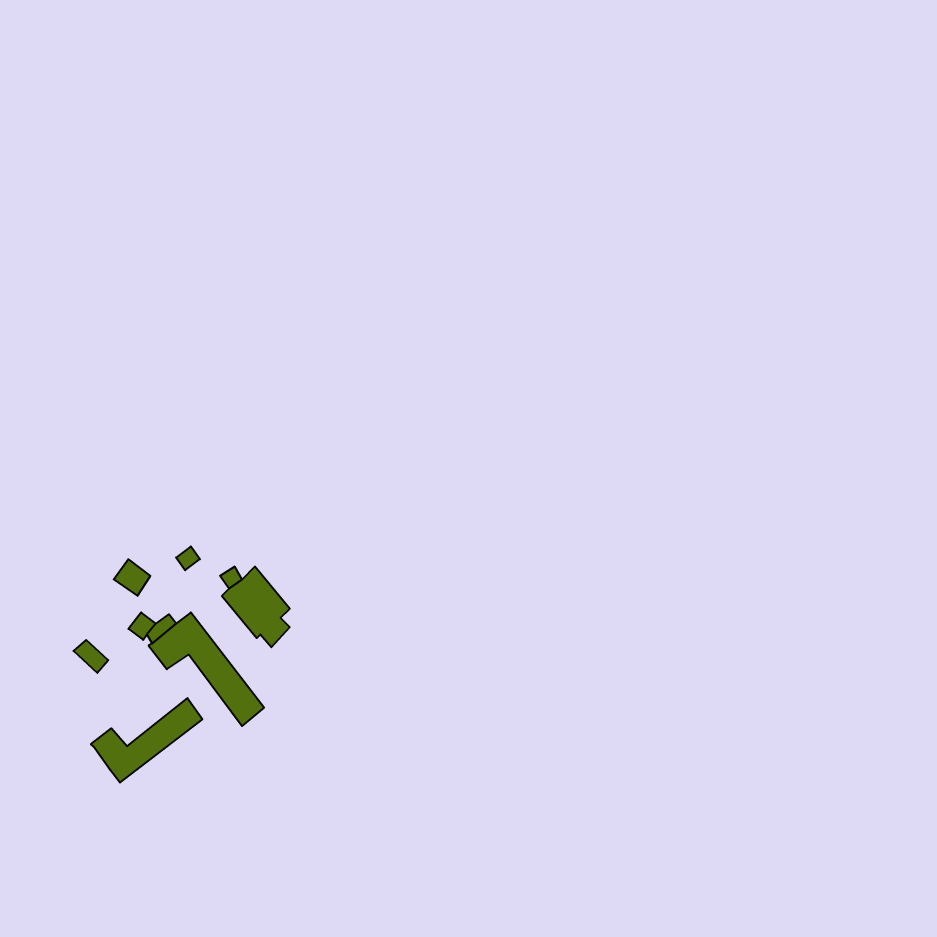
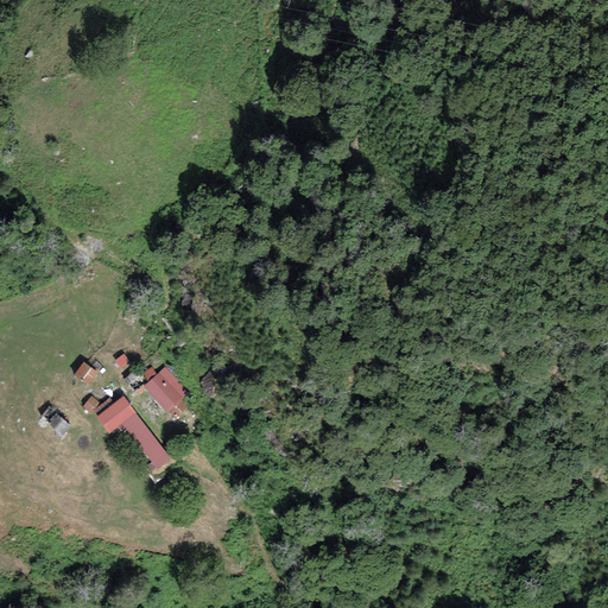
building: [91,698,202,783] -> none

